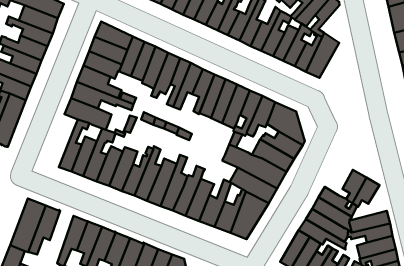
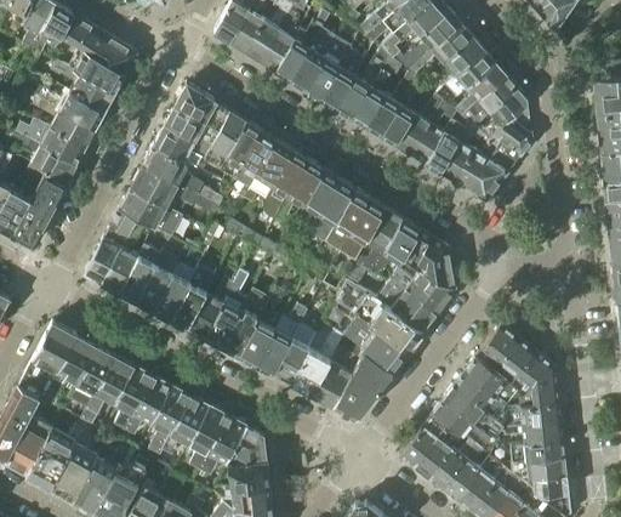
building: none -> [494,103,532,157]
building: none -> [85,210,137,284]
building: none -> [475,324,518,373]
building: none -> [512,365,559,408]
building: none -> [70,346,114,408]

